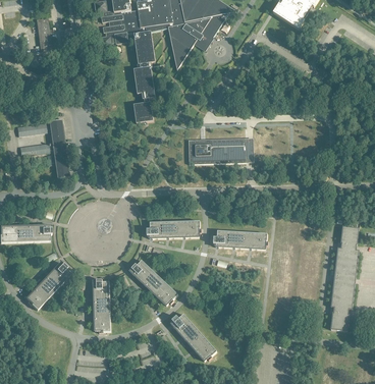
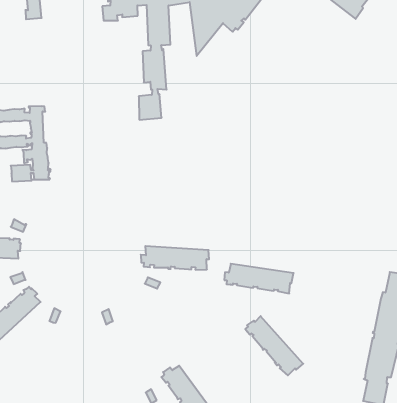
building: [188,139,245,163] -> none
building: [129,259,177,304] -> [245,316,303,375]
building: [93,279,110,330] -> none

